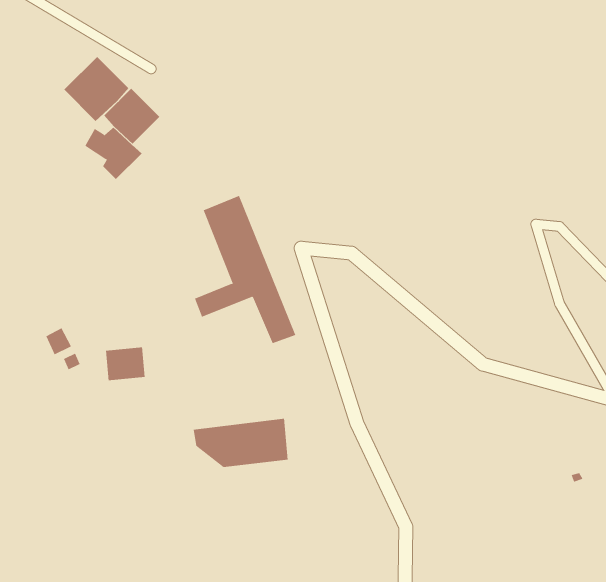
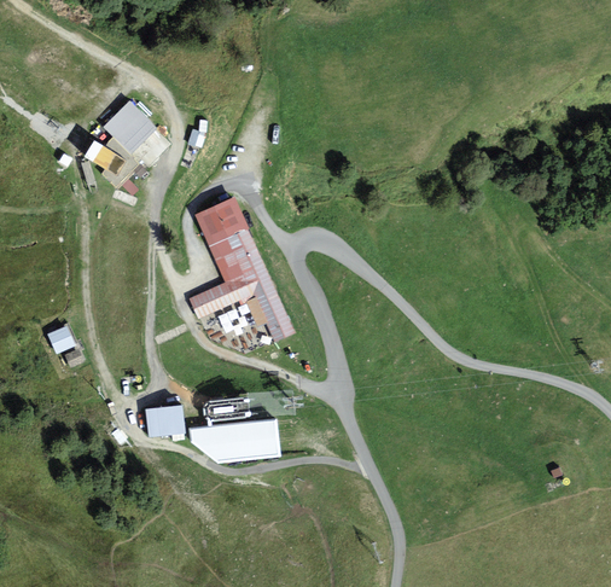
building: [63,56,129,122] -> none
building: [105,347,145,381] -> [146,402,185,435]

